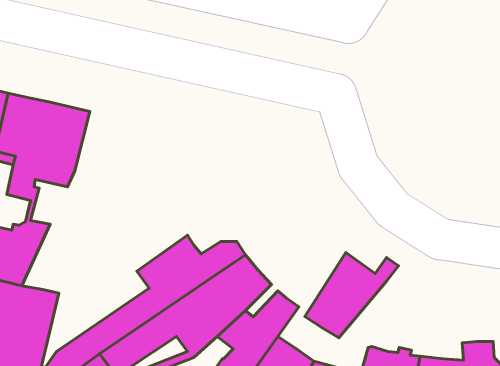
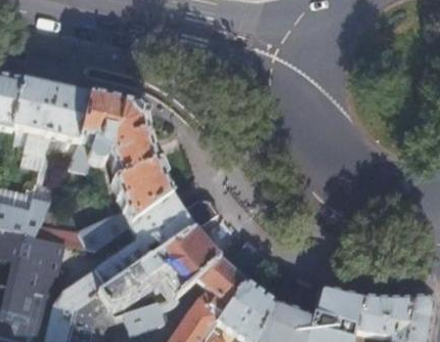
building: none -> [51,94,171,251]
building: [305,252,398,338] -> none

